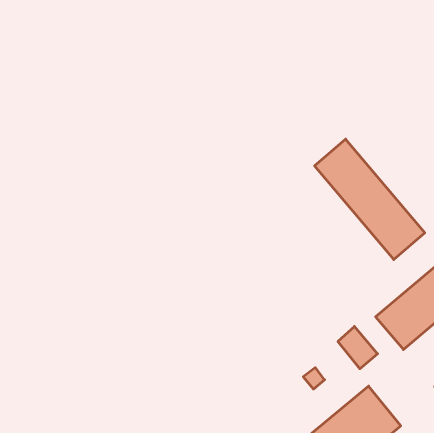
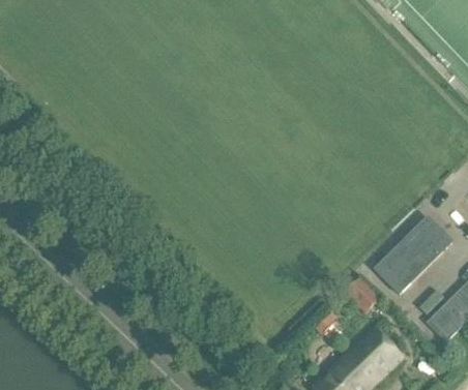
building: [315,139,425,260] -> none

